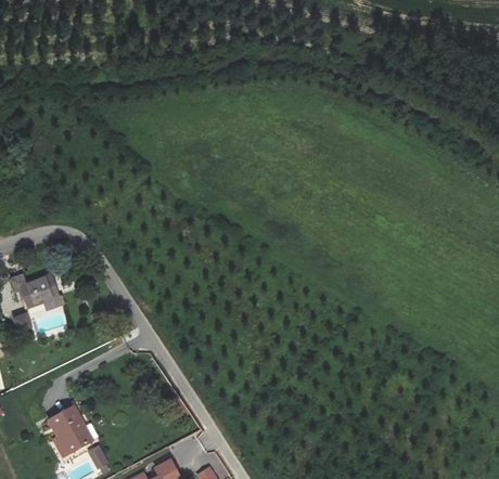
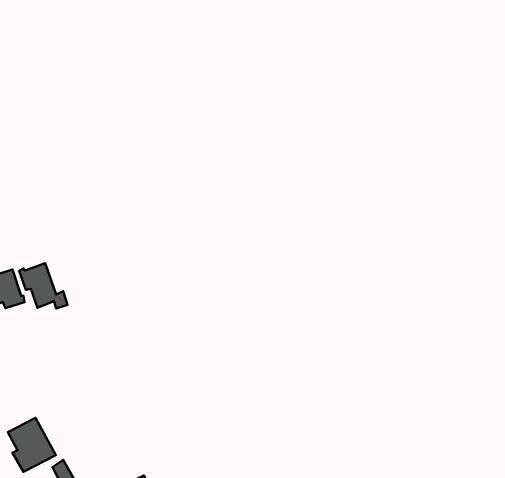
building: none -> [19,263,67,309]

